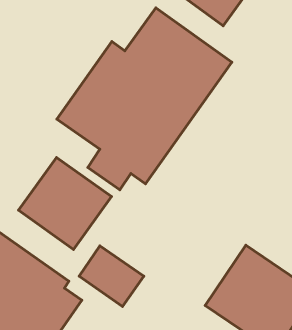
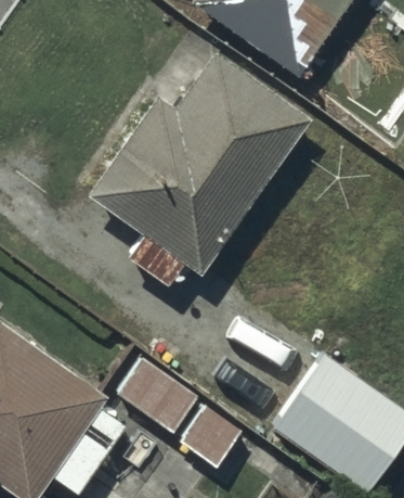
building: [18,158,111,249] -> none

